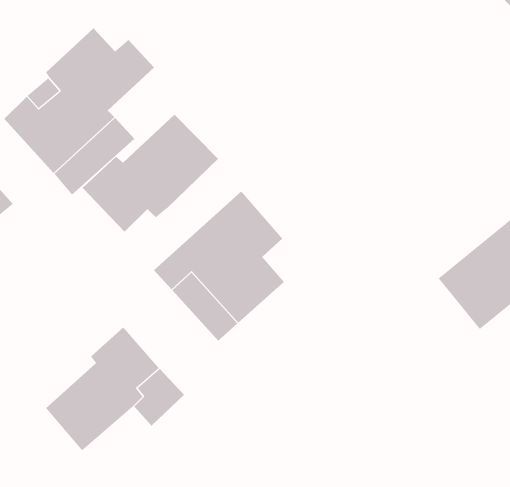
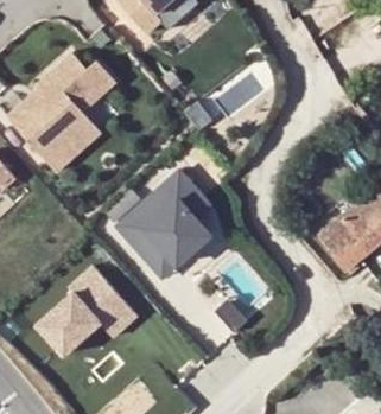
building: [82,114,219,232] -> none

